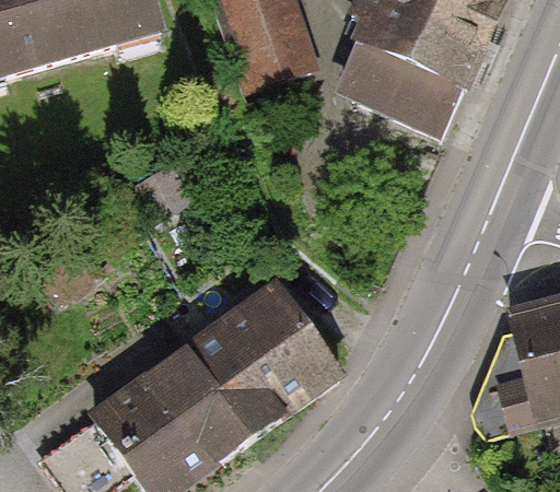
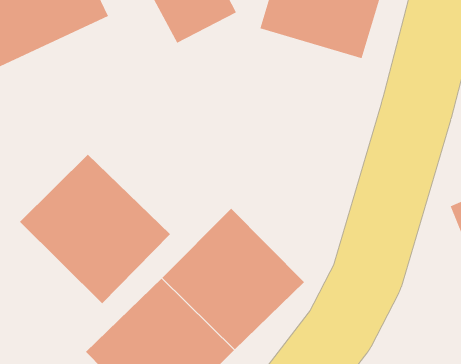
building: none -> [19,154,171,304]

